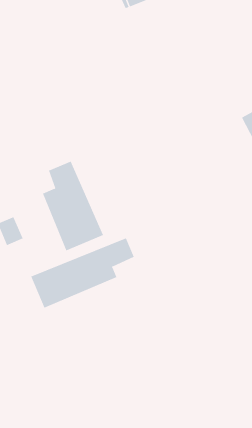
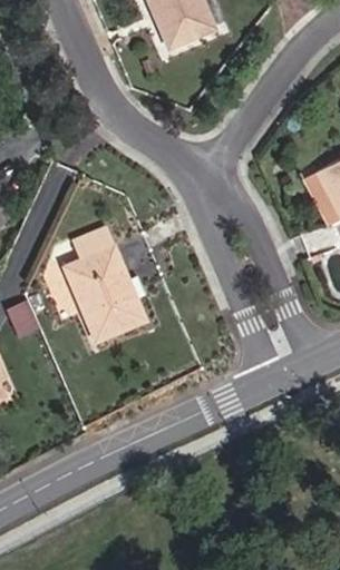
building: [31,237,134,308] -> none

